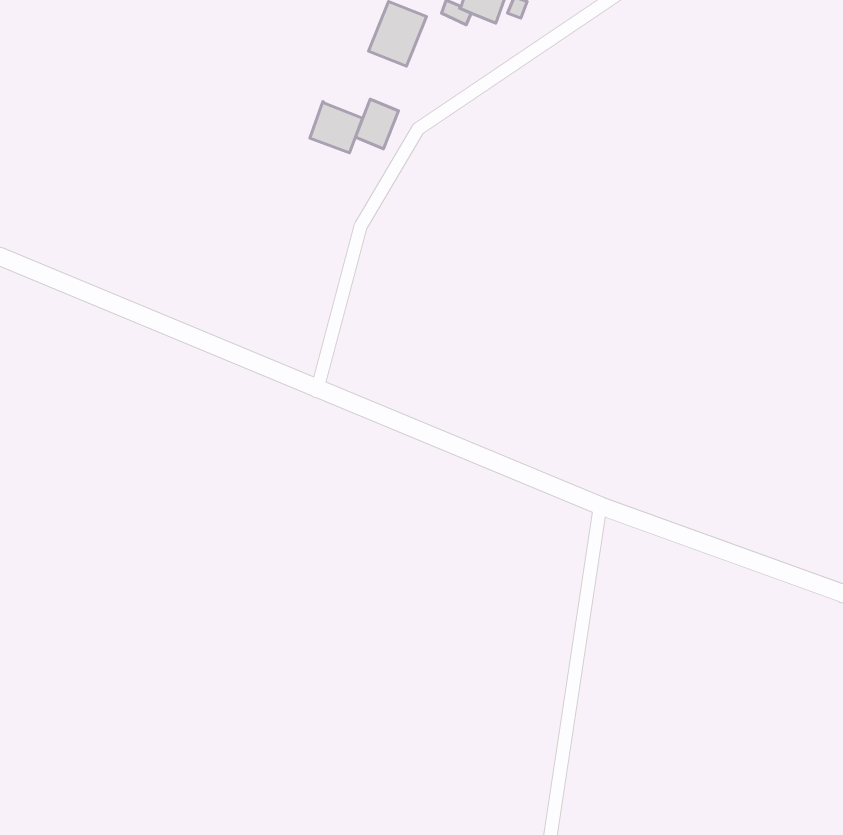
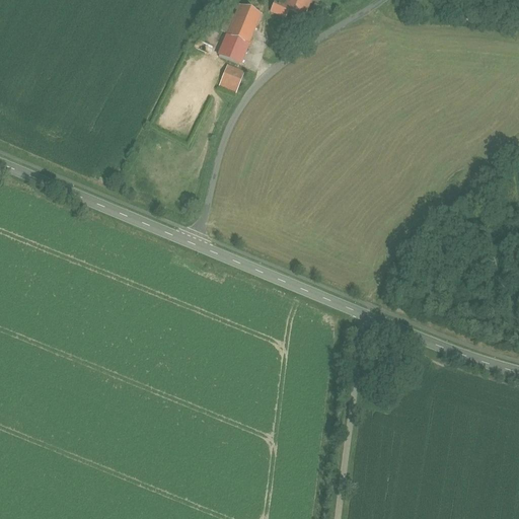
building: [310,102,363,153] -> [217,30,249,62]

